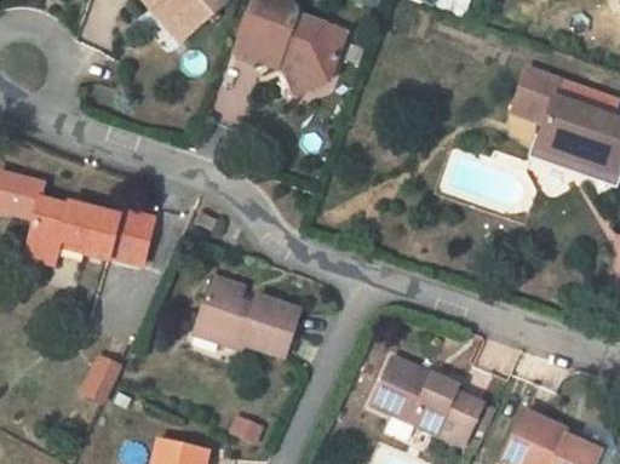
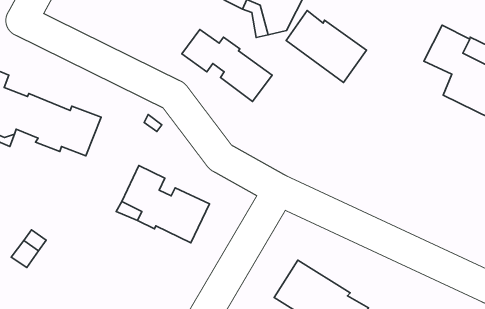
building: none -> [286,11,367,82]
building: none -> [182,29,272,101]

